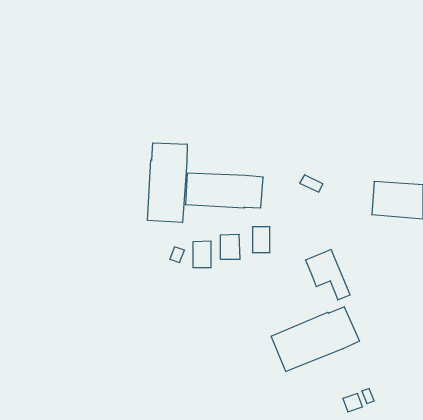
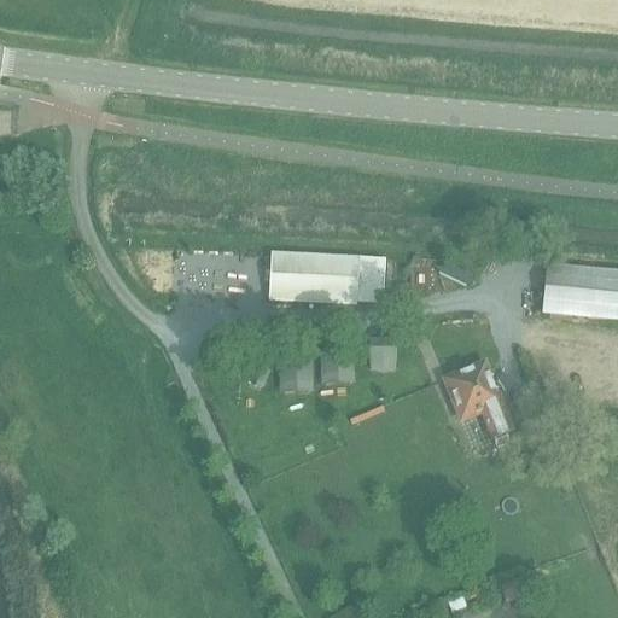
building: [148,143,187,223] -> none
building: [271,307,359,372] -> none

